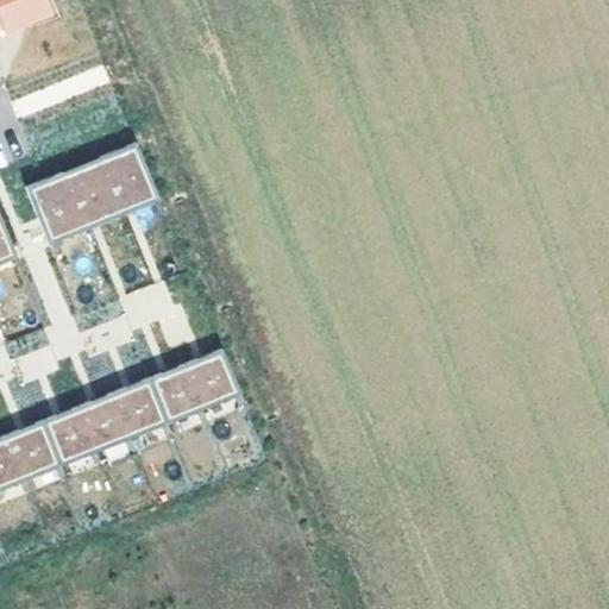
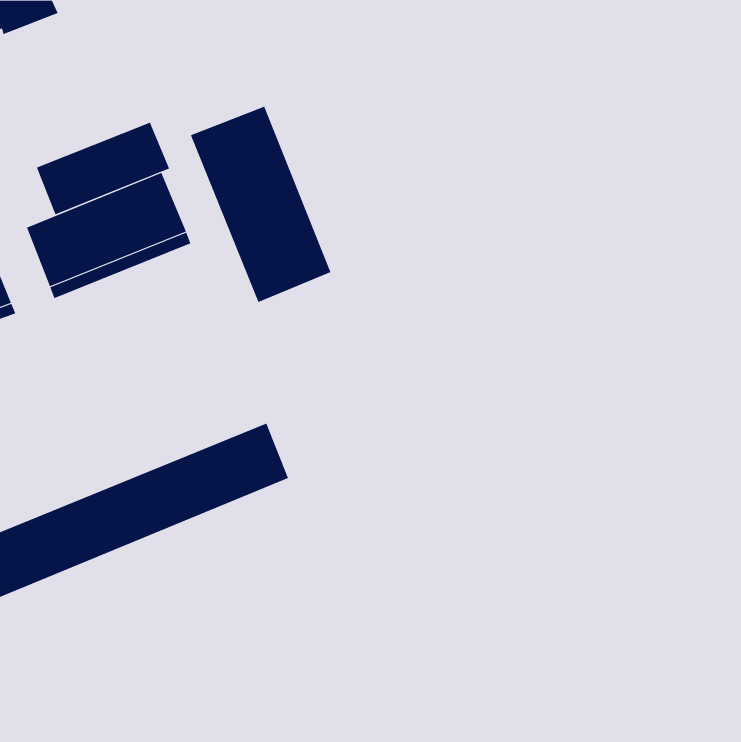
building: none -> [190,106,331,303]
building: none -> [36,122,170,215]

